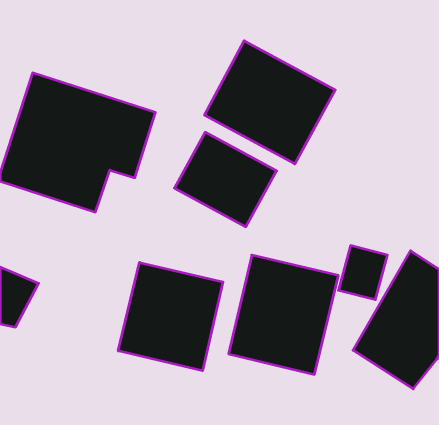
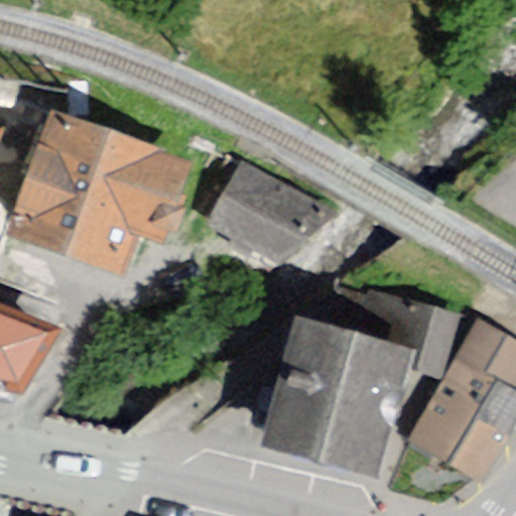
building: [205,41,335,164] -> none
building: [118,262,223,371] -> none

